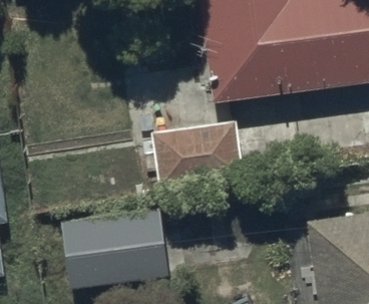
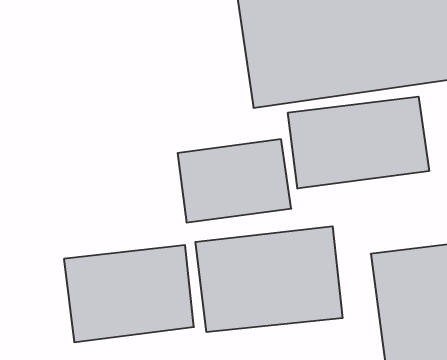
building: none -> [288,97,429,189]
building: none -> [195,226,343,332]

